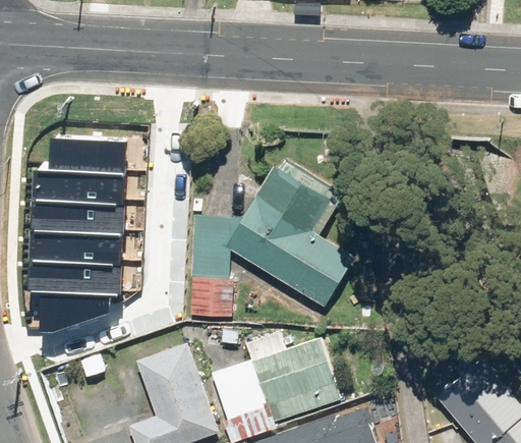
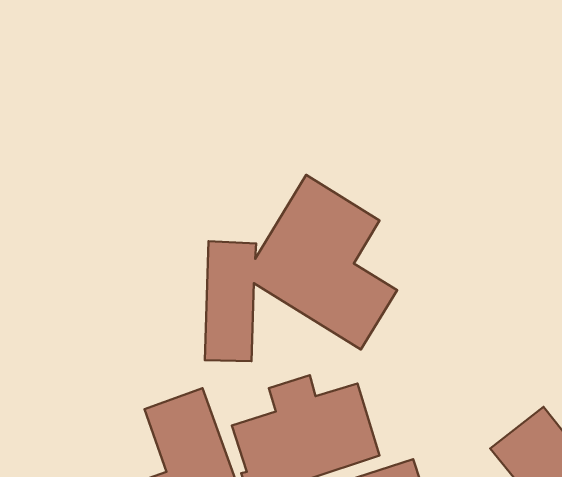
building: [30,142,121,333] -> none

